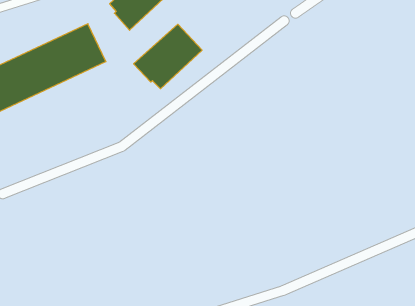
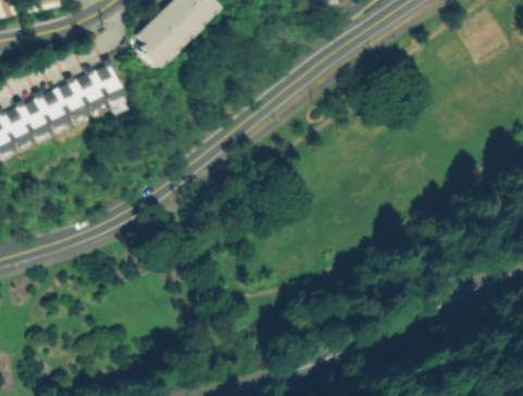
building: [134,24,202,89] -> none

